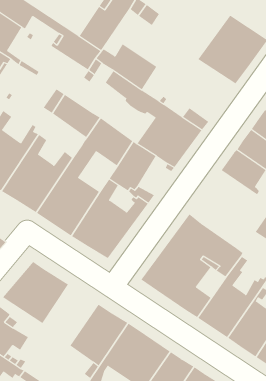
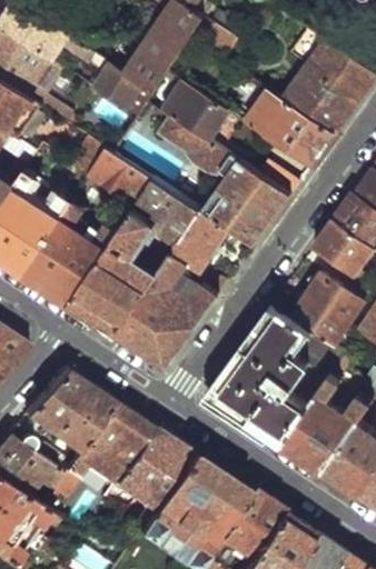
building: none -> [246,93,333,167]
building: none -> [287,274,364,352]
building: none -> [57,401,149,491]

